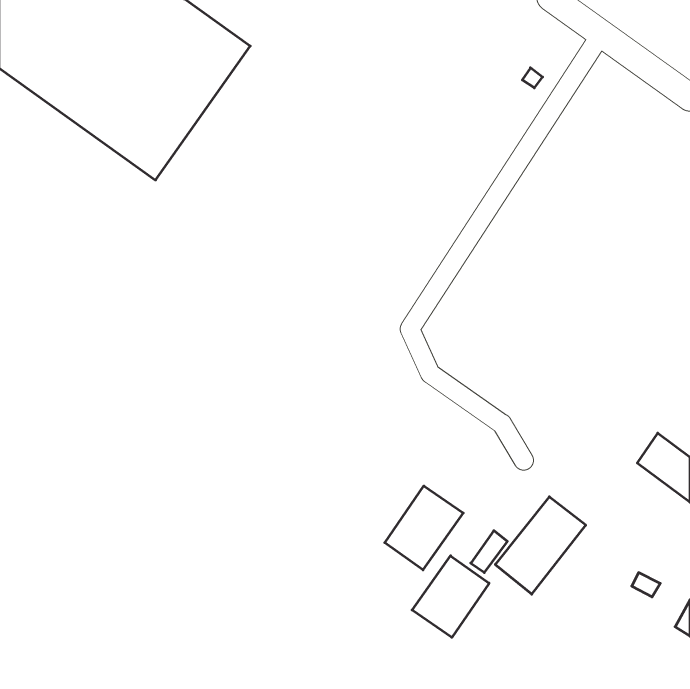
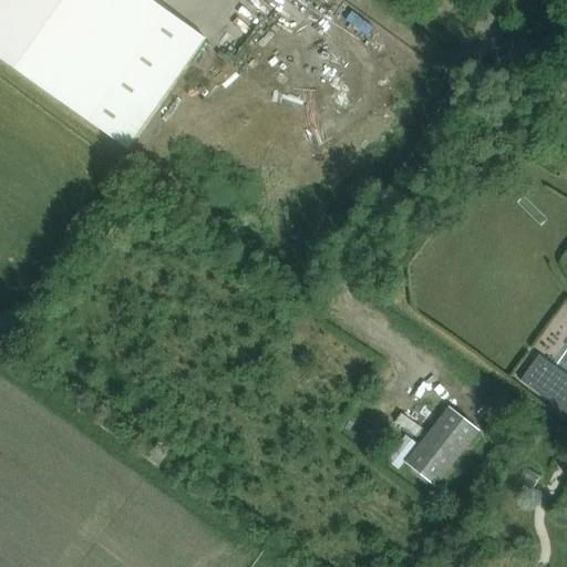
building: [385,486,463,570] -> none
building: [412,556,489,637] -> none

